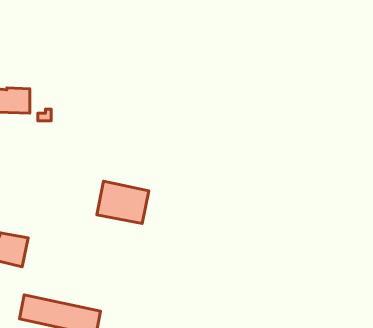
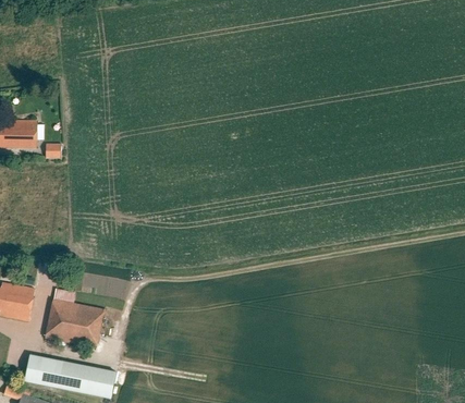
building: [97,181,149,224] -> [45,298,103,346]

